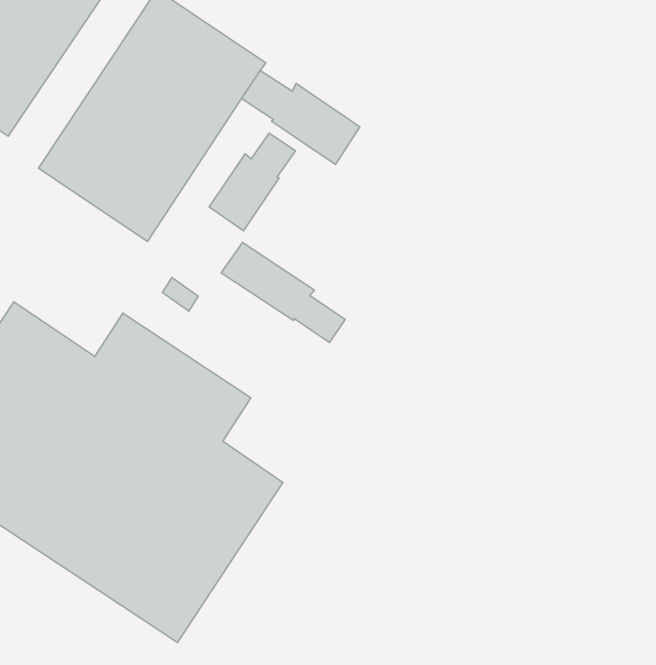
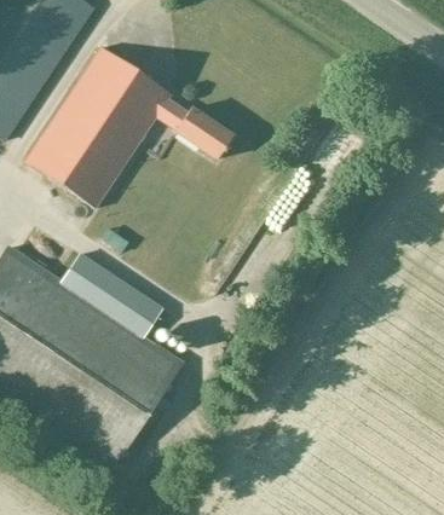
building: [209,133,295,231] -> none
building: [221,243,345,342] -> none

